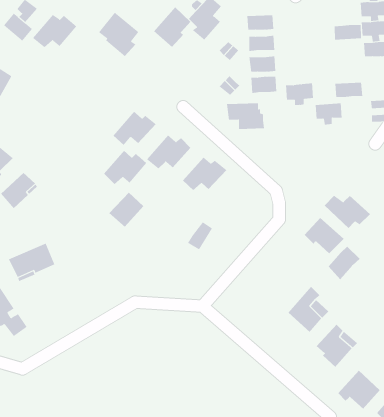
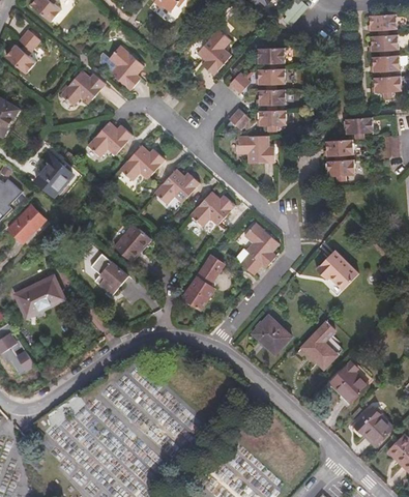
building: [153,7,191,48] -> none
building: [32,14,77,48] -> [63,72,109,107]
building: [334,24,361,40] -> none
building: [285,83,314,105] -> [326,157,355,180]
building: none -> [37,152,74,198]
building: [103,150,147,185] -> [87,121,132,156]
building: none -> [237,224,277,275]
building: [324,195,371,229] -> none
building: none -> [91,255,127,295]
building: none -> [182,279,214,311]
building: [328,246,360,280] -> none
building: none -> [247,318,286,356]

